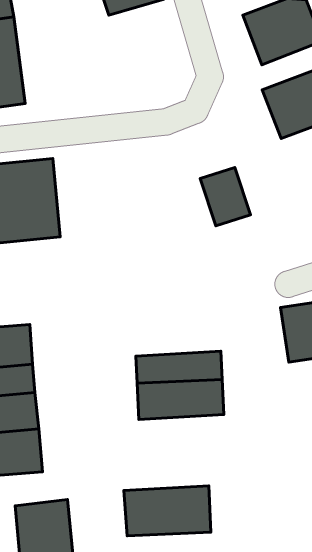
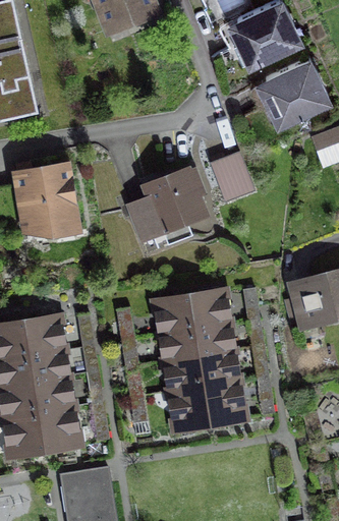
building: none -> [121,164,215,247]
building: none -> [154,287,235,334]
building: [124,486,211,536] -> [166,381,247,431]

